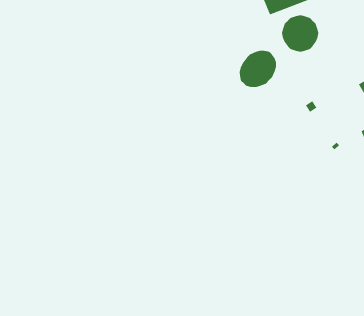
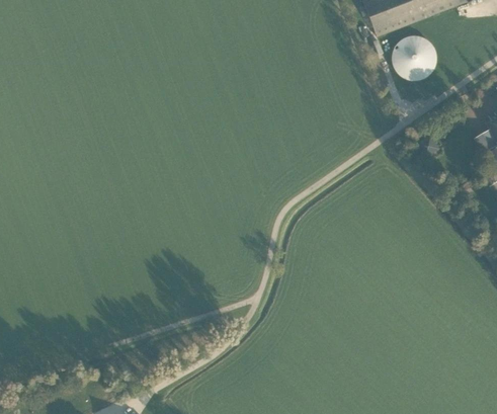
building: [239,50,277,88] -> none

